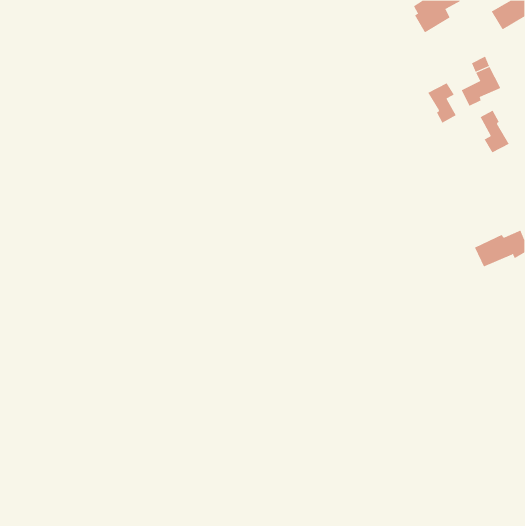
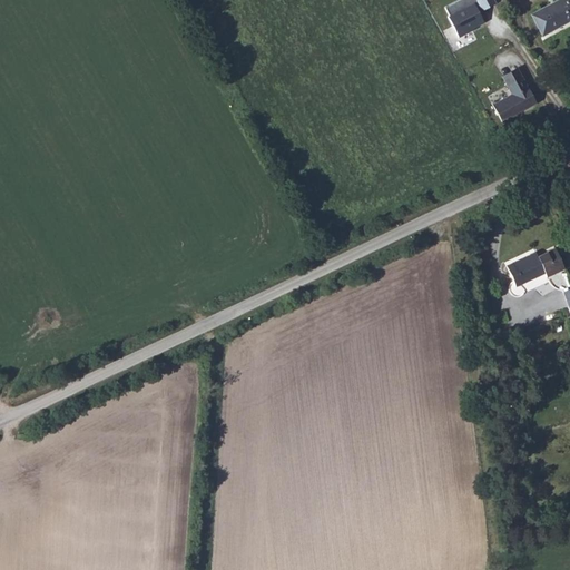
building: [428,82,457,123] -> none
building: [480,110,509,153] -> none

